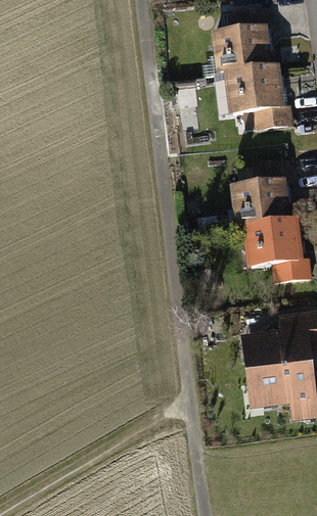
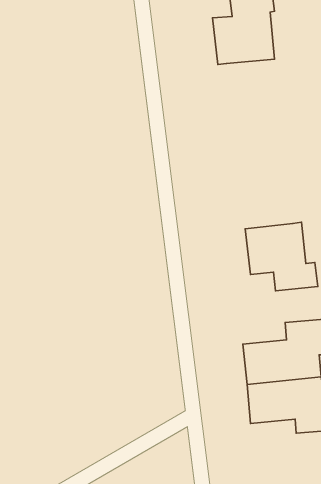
building: [226,65,293,129] -> none
building: [230,158,288,227] -> none

